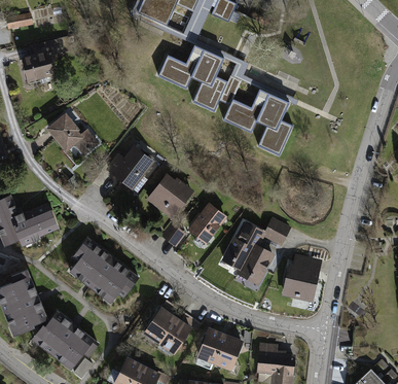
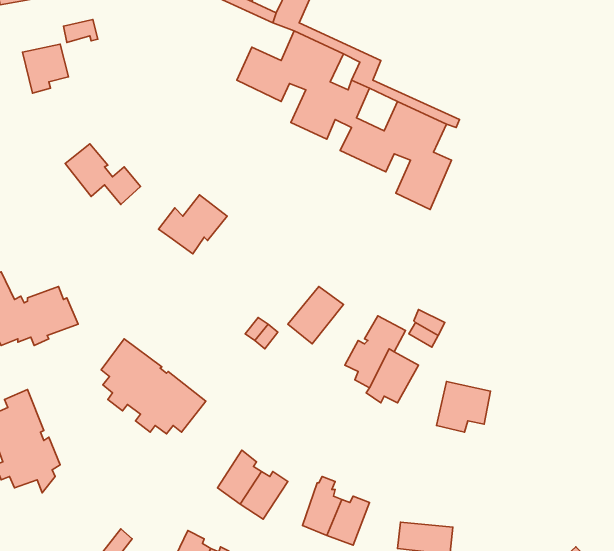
building: [148,176,186,216] -> none
building: [35,311,97,363] -> none

